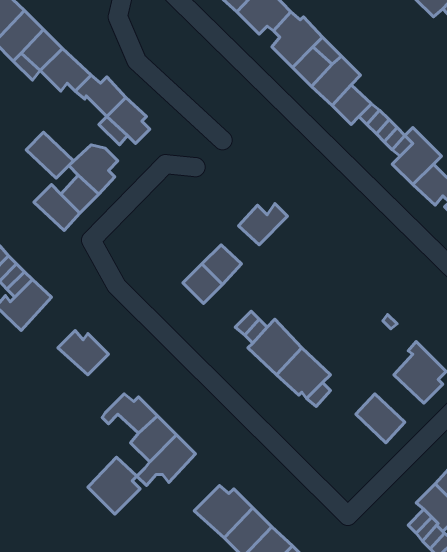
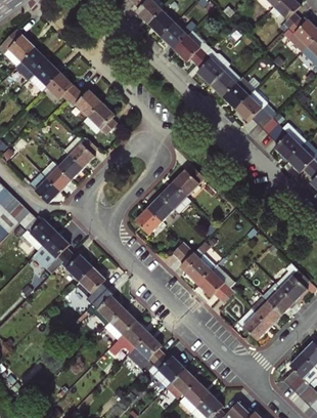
building: [26,132,74,178] -> [32,171,62,201]
building: none -> [164,186,193,216]
building: none -> [35,233,70,276]
building: none -> [78,269,104,307]
building: none -> [263,283,295,314]
building: none -> [238,308,270,340]
building: [88,457,140,514] -> [129,334,163,371]

